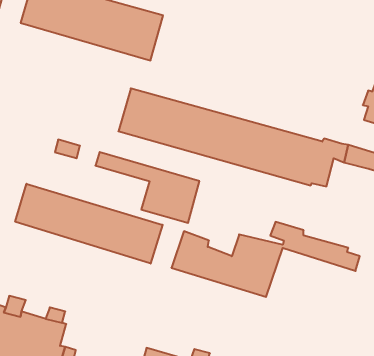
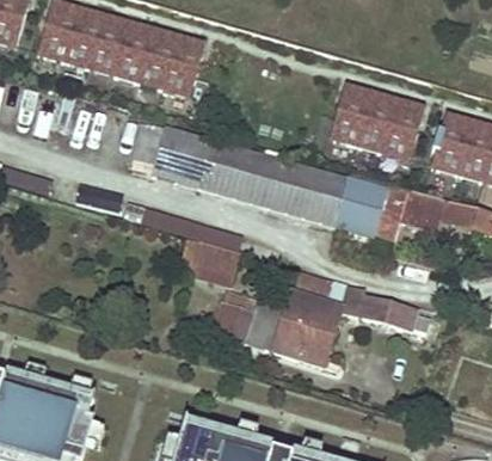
building: none -> [333,85,422,155]
building: [15,184,163,264] -> none

